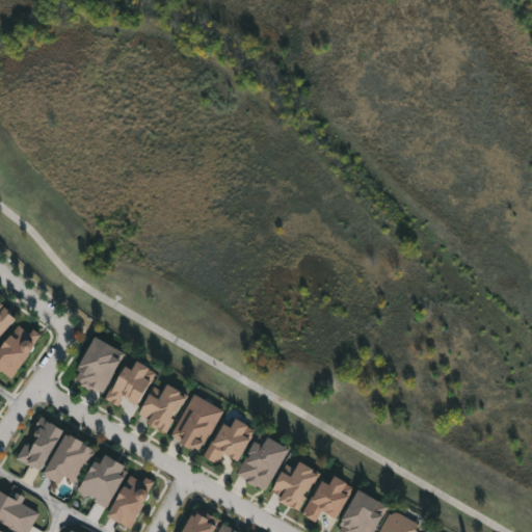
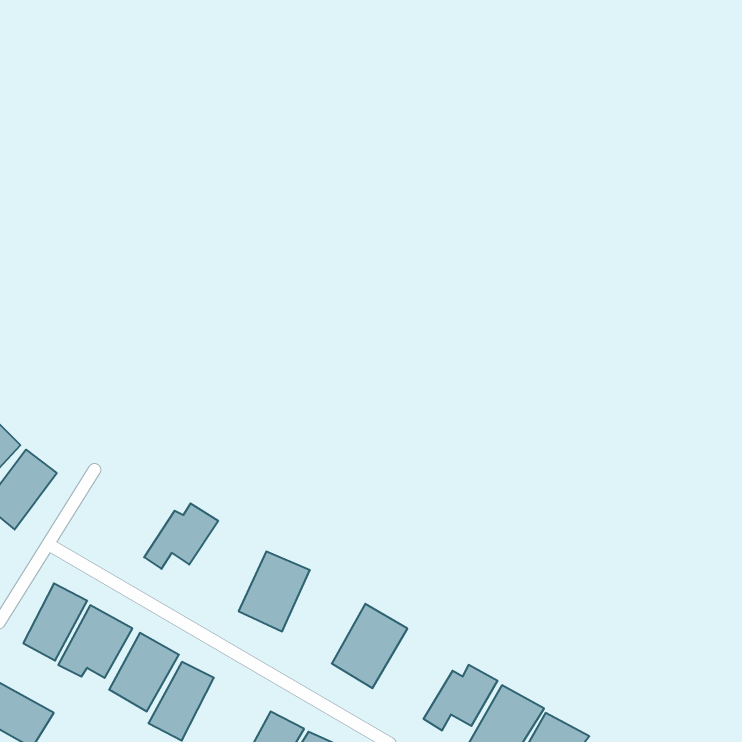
building: [72,337,123,395] -> none
building: [136,383,186,432] -> none
building: [204,419,257,464] -> none
building: [271,462,321,512] -> none

